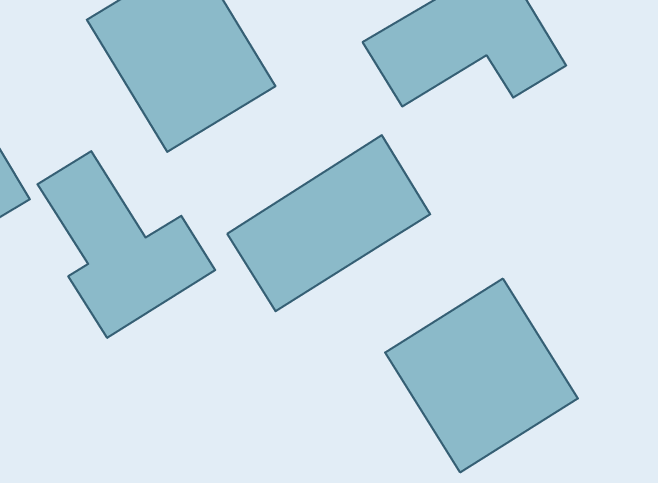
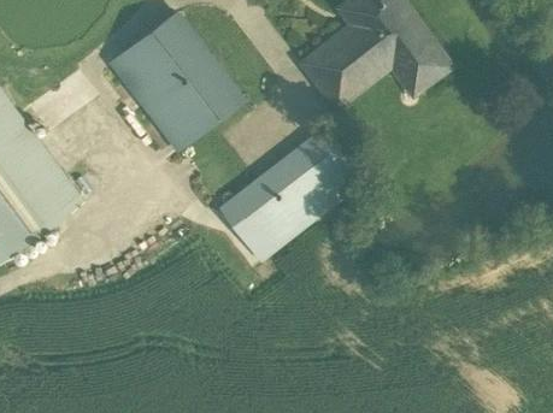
building: [37,151,215,338] -> none
building: [385,279,578,472] -> none

